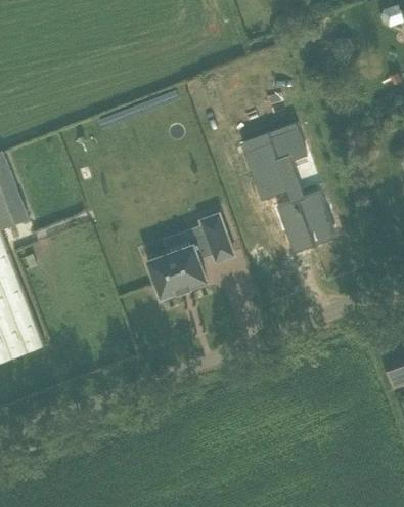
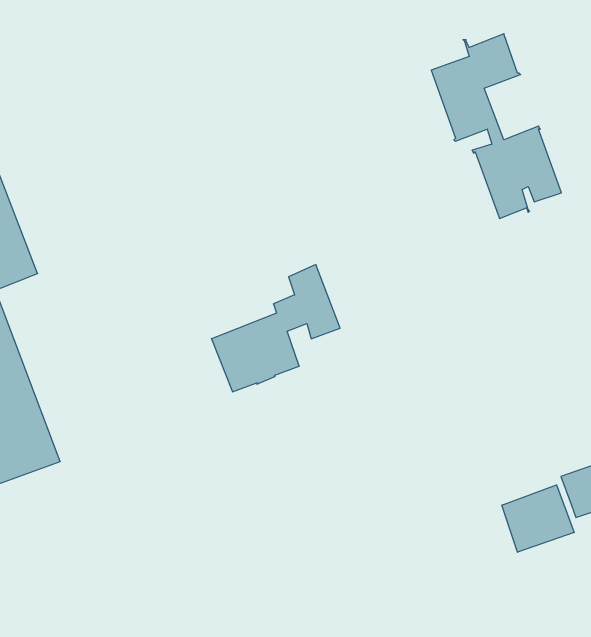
building: [243,127,331,252] -> [431,34,561,218]
building: none -> [502,485,574,552]

